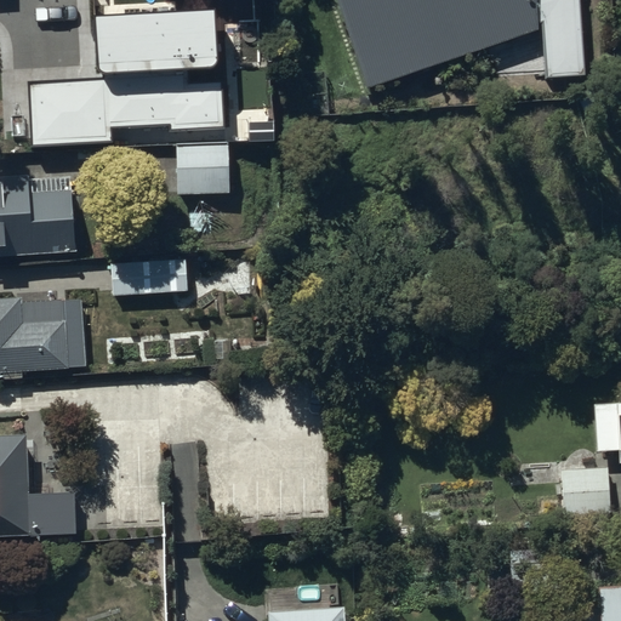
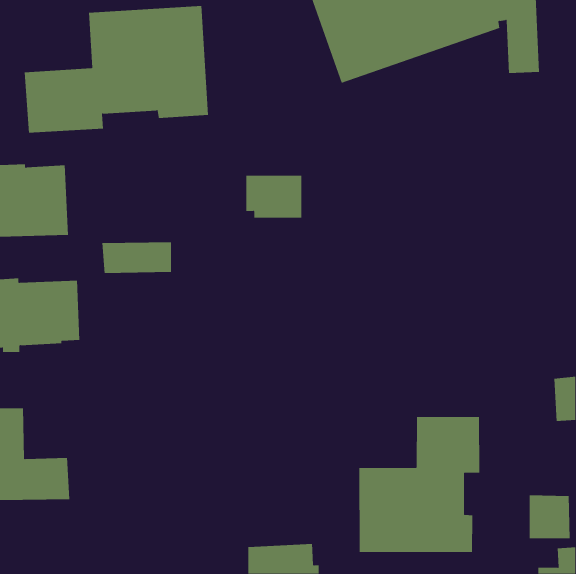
building: [167,148,228,194] -> [246,175,302,218]
building: none -> [359,416,480,553]
building: [563,467,608,514] -> [529,495,571,539]

